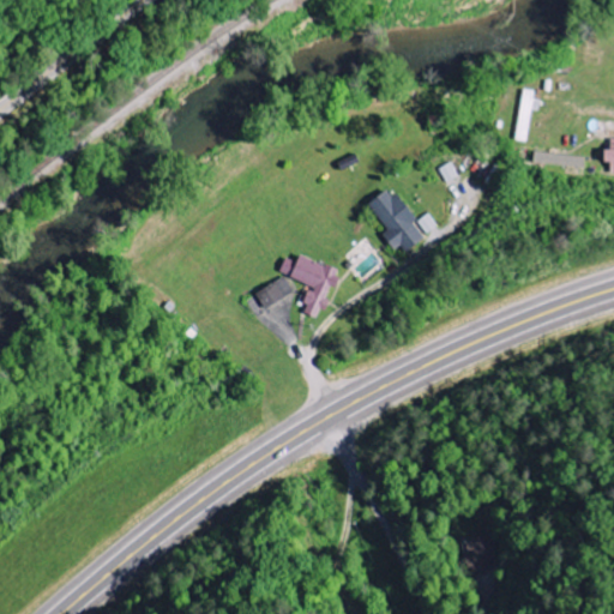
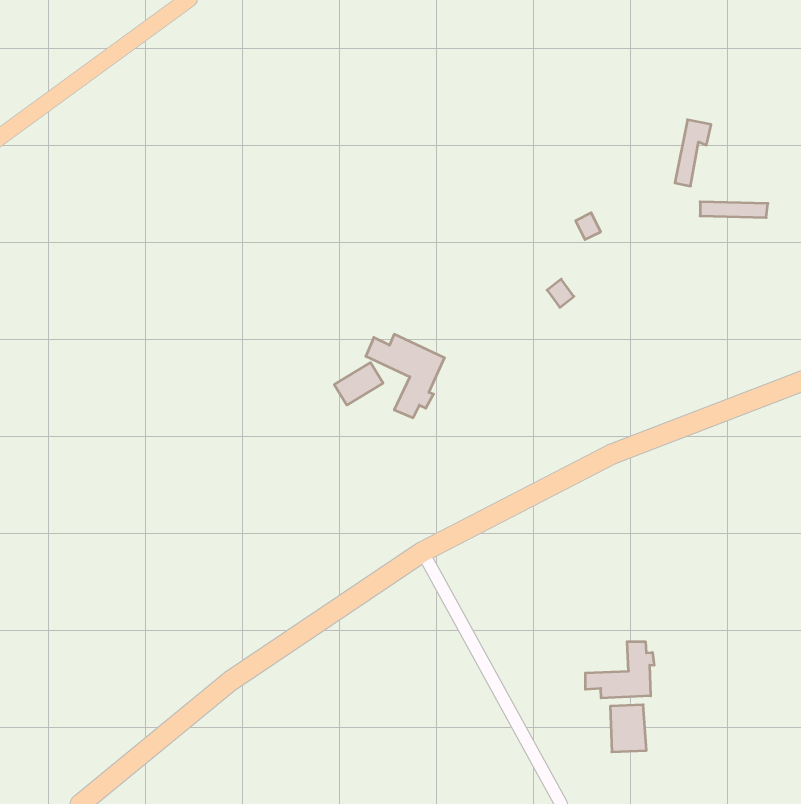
building: [368,187,423,254] -> none
building: none -> [585,642,654,698]

